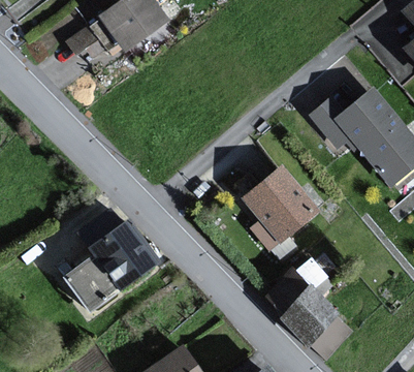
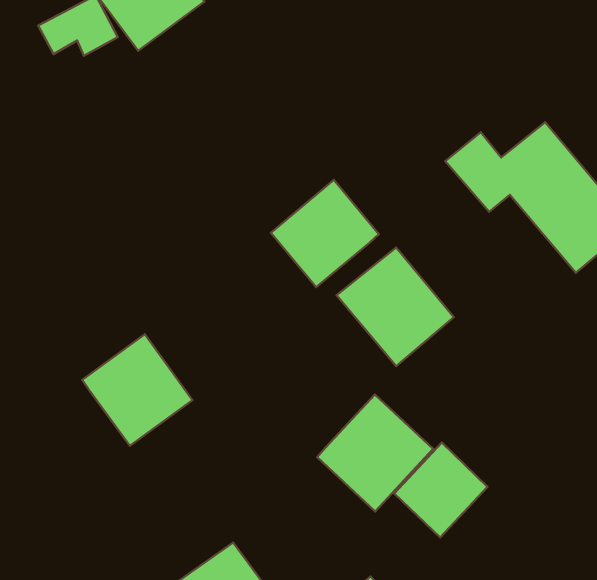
building: none -> [271,180,379,287]
building: [64,255,119,311] -> none
building: none -> [317,394,433,512]

